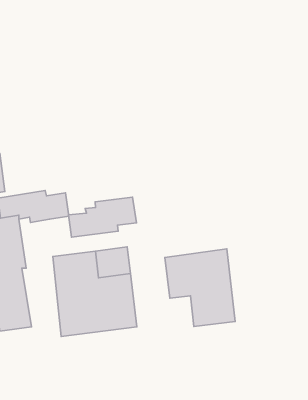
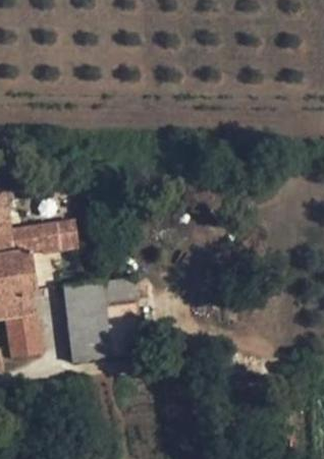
building: [69,197,136,237] -> none
building: [165,249,235,327] -> none

